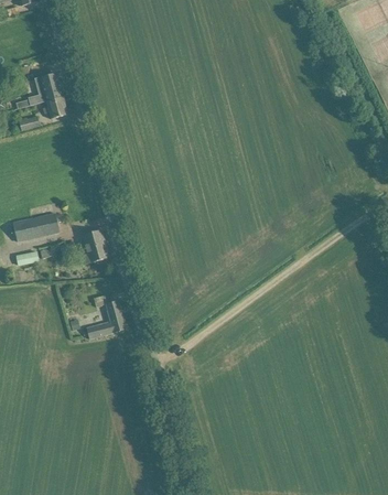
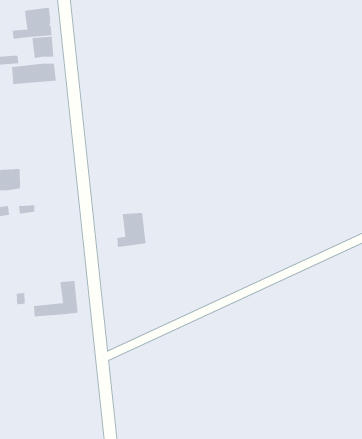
building: none -> [11,63,57,85]
building: [83,228,109,262] -> [116,212,146,248]

